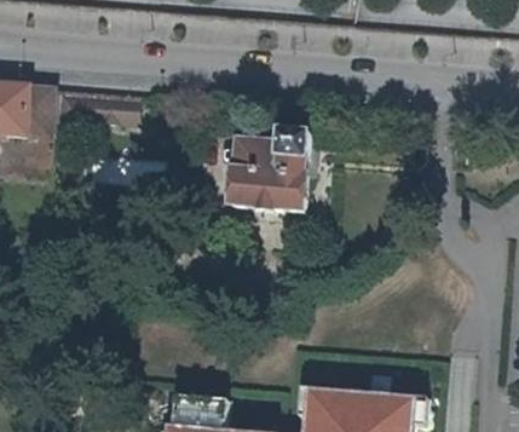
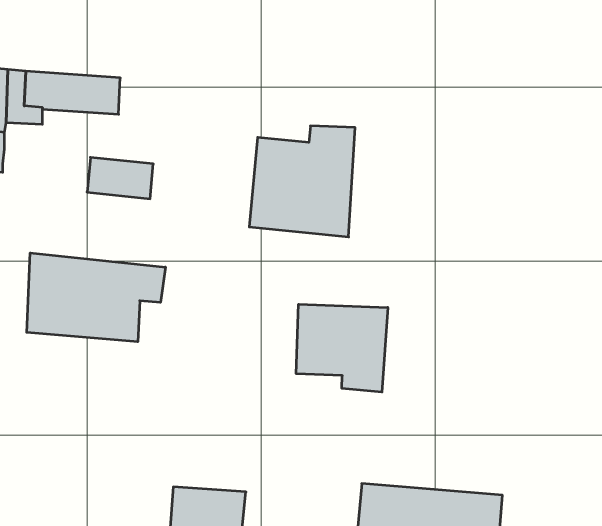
building: none -> [27,253,165,342]
building: none -> [296,304,388,392]

